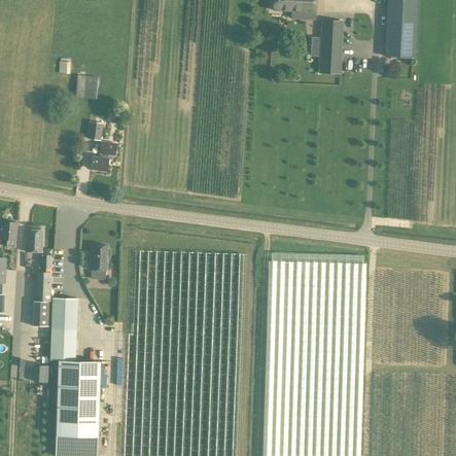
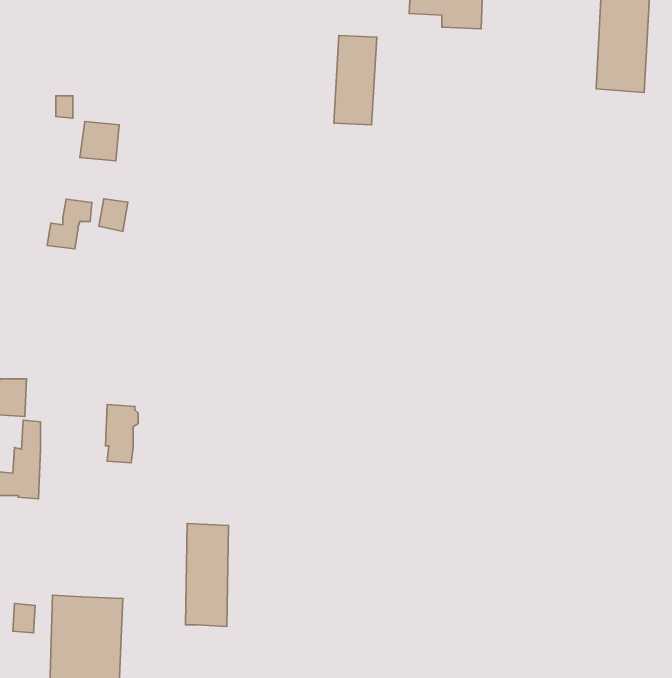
building: [318,21,344,74] -> [334,36,377,125]
building: [90,141,116,171] -> [47,199,92,249]
building: [50,299,76,360] -> [186,524,228,627]

